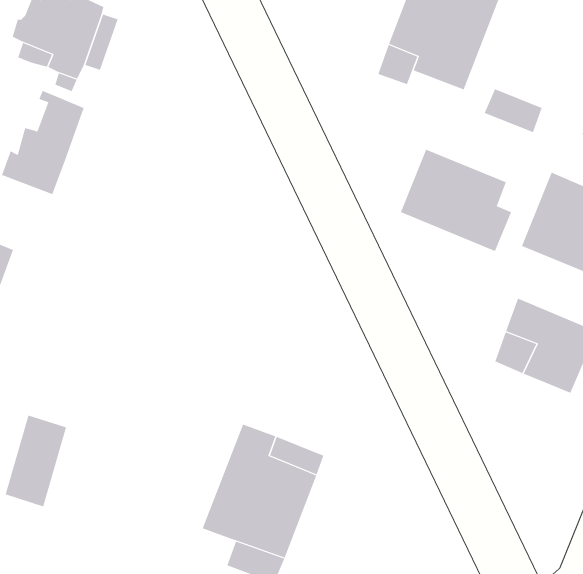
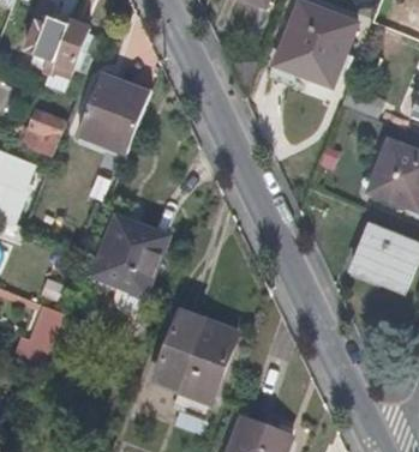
building: none -> [74,73,150,157]
building: [400,149,512,252] -> none
building: none -> [94,215,169,309]

